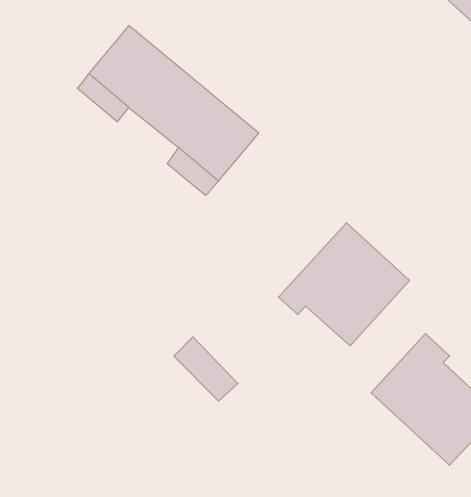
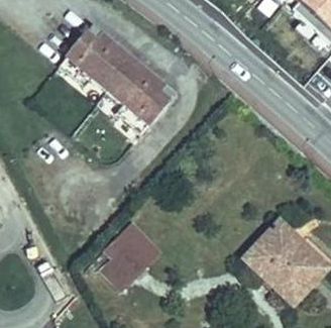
building: [278,223,409,346] -> none
building: none -> [102,232,148,287]

